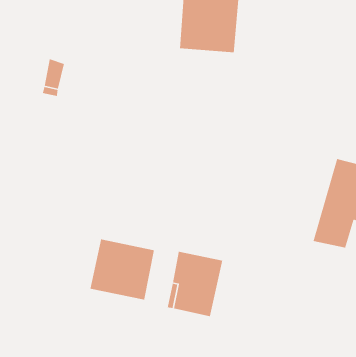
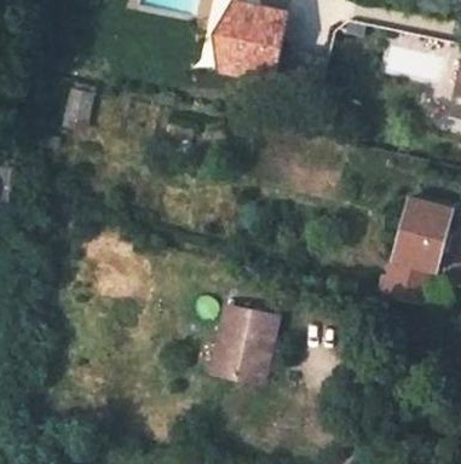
building: [89,238,155,301] -> none

